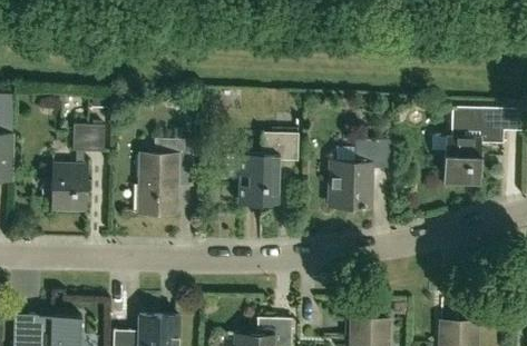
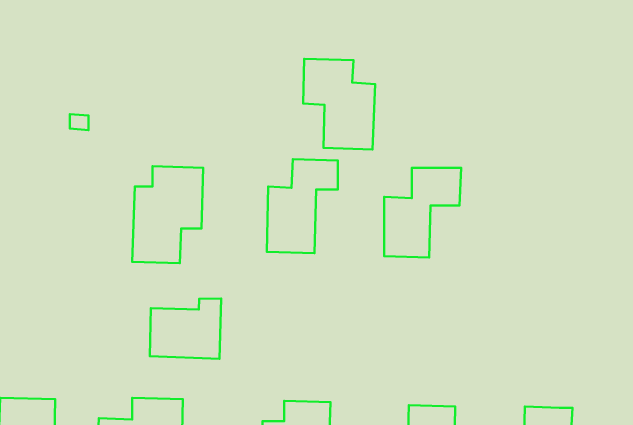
building: none -> [303,59,375,149]
building: [445,107,505,182] -> none
building: [51,125,104,216] -> none
building: none -> [150,299,221,359]

